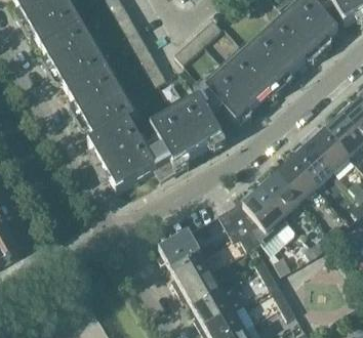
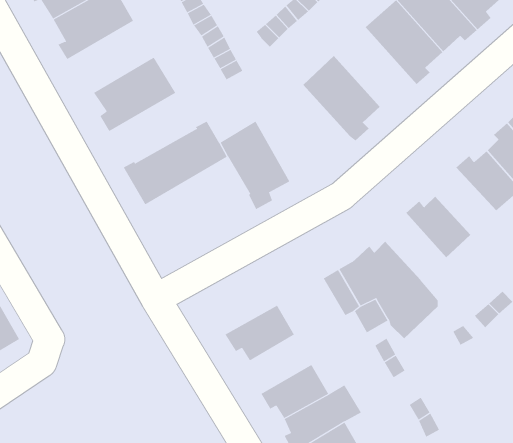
building: [50,44,108,91] -> none
building: [226,48,280,100] -> none
building: [78,91,135,137] -> none
building: [174,95,225,150] -> none
building: [102,133,174,189] -> none
building: [292,140,332,184] -> none
building: [259,170,299,214] -> none
building: [170,250,211,289] -> none

